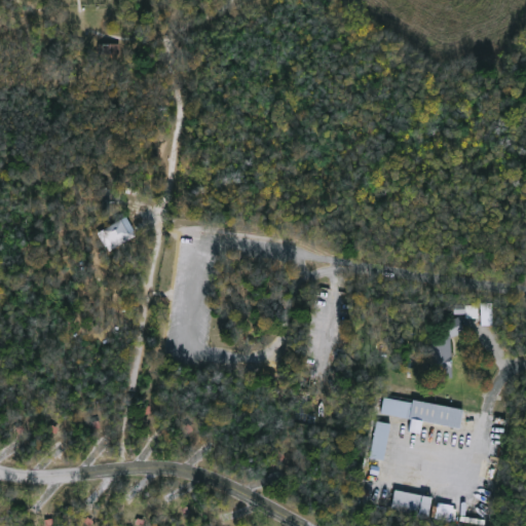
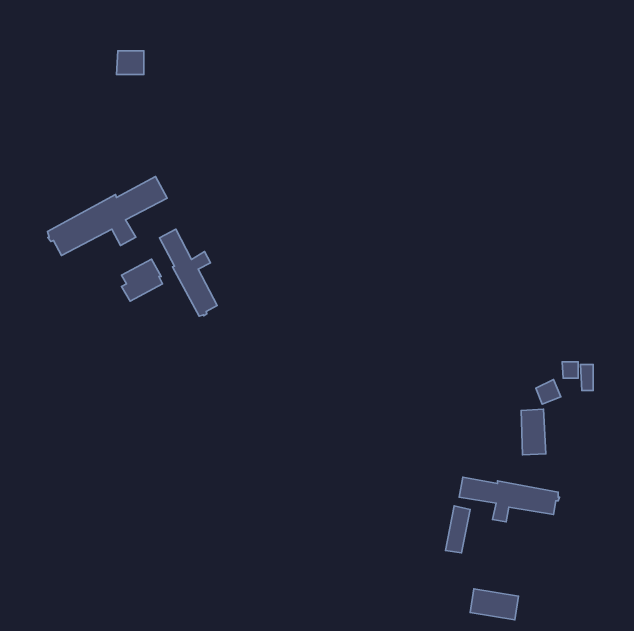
building: none -> [47,177,167,255]
building: none -> [159,229,217,316]

